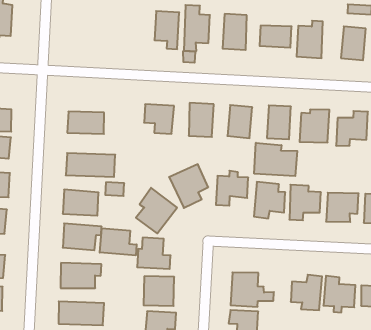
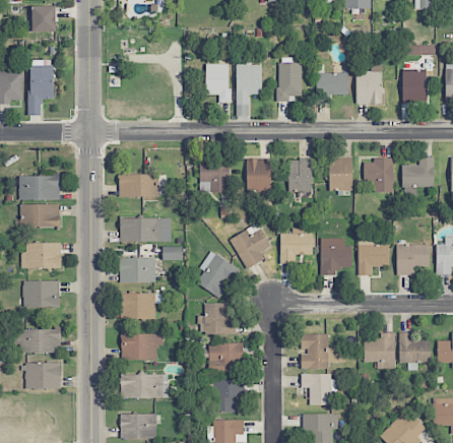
building: [254,143,297,176] -> none
building: [100,228,137,255] -> none

